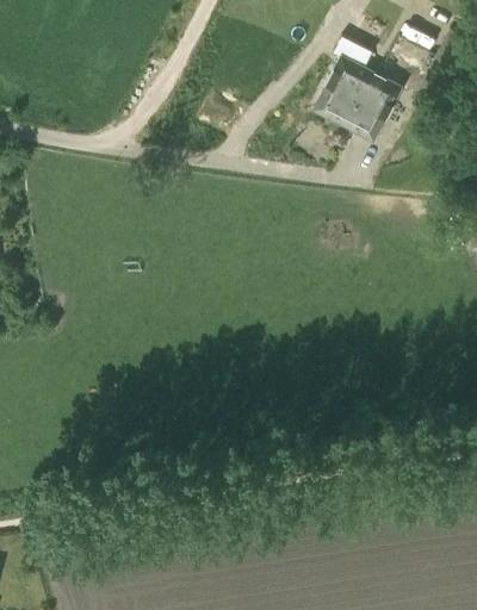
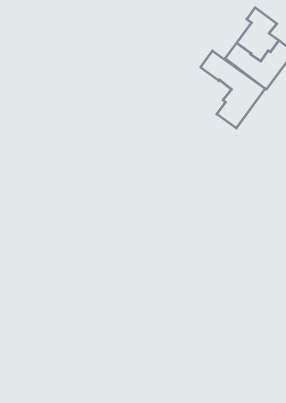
building: none -> [201,51,265,128]

